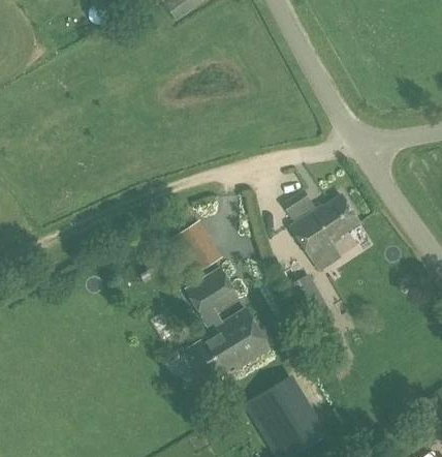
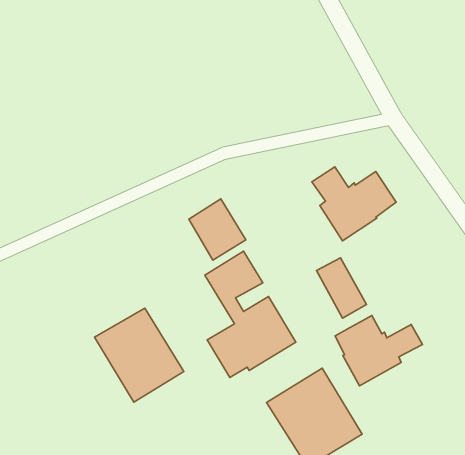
building: none -> [94,308,184,402]
building: none -> [335,316,423,386]

